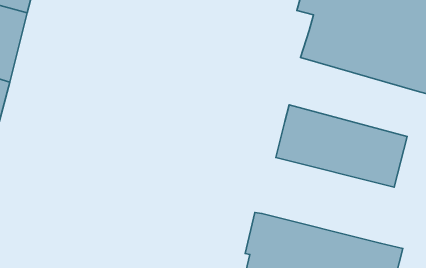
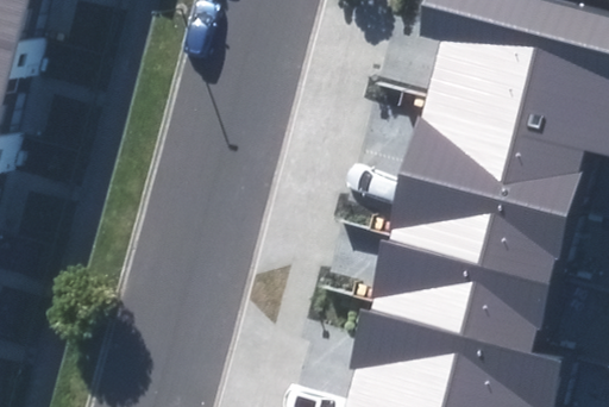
building: none -> [408,100,585,207]
building: none -> [371,236,551,352]

